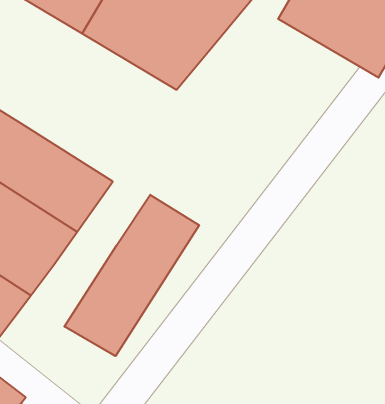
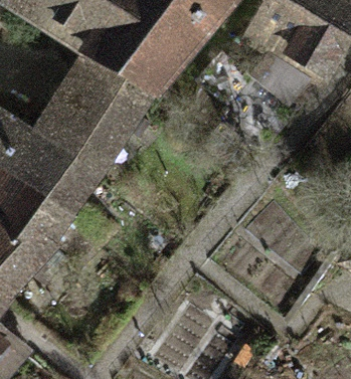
building: none -> [30,52,157,174]
building: [64,195,199,356] -> none

